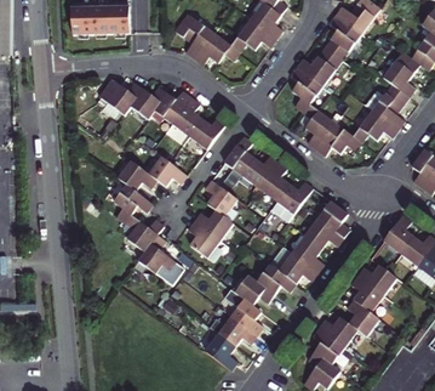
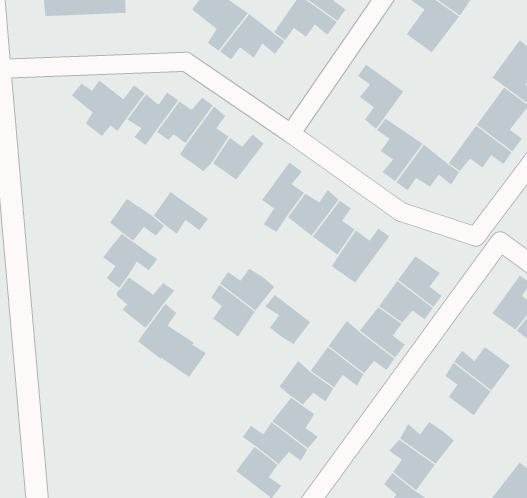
building: [296,46,342,86] -> none
building: [204,180,236,215] -> [264,294,311,345]
building: [347,299,378,335] -> none

